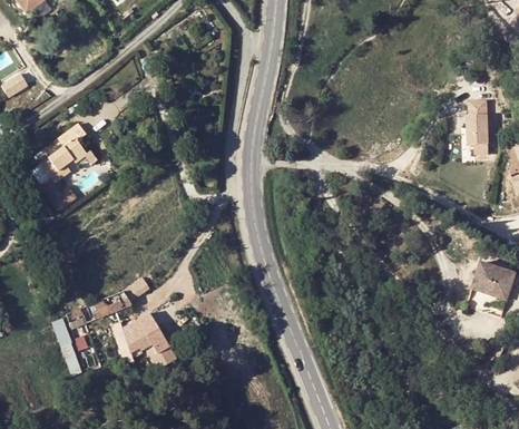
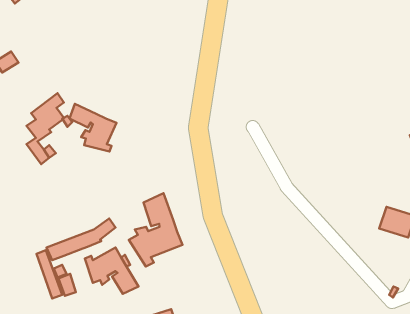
building: [463,100,486,154] -> none
building: none -> [69,104,116,152]
building: none -> [129,193,182,266]

